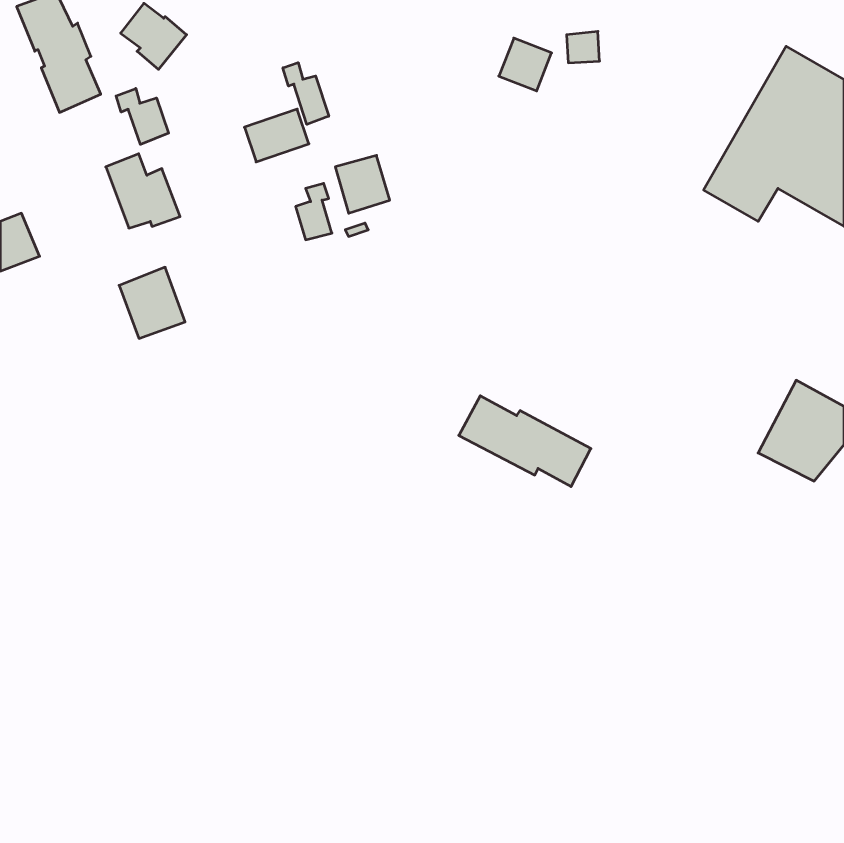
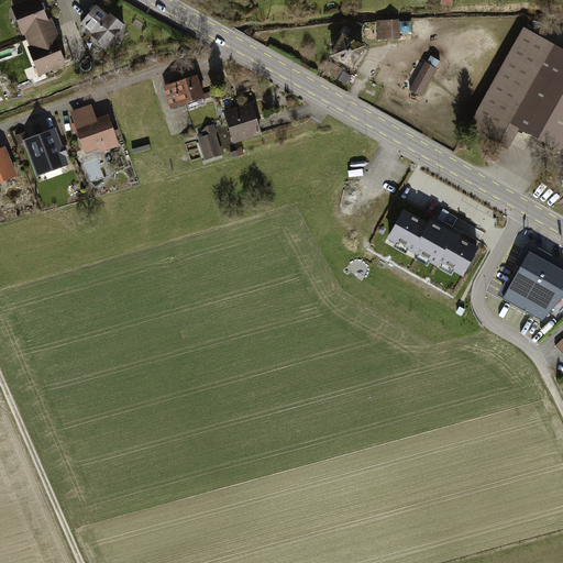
building: [283,63,329,124] -> none
building: [116,88,169,144] -> none
building: none -> [408,59,438,96]
building: [119,267,185,338] -> [24,126,68,174]
building: [459,396,591,487] -> [389,213,477,274]

